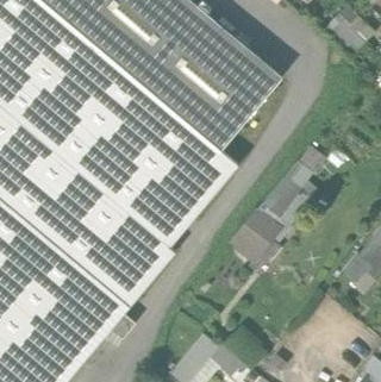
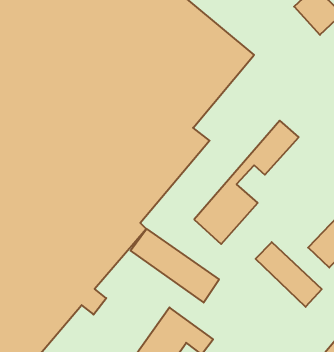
building: none -> [131,229,219,303]
building: none -> [256,242,322,307]

